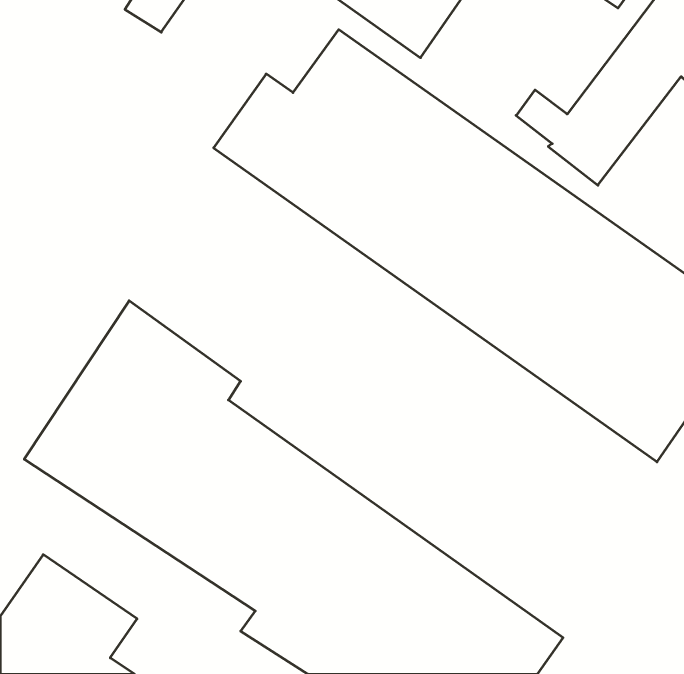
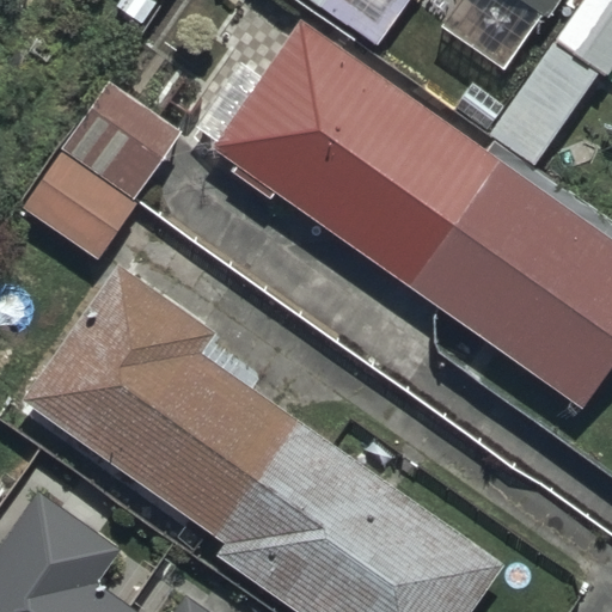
building: none -> [20,80,180,256]

